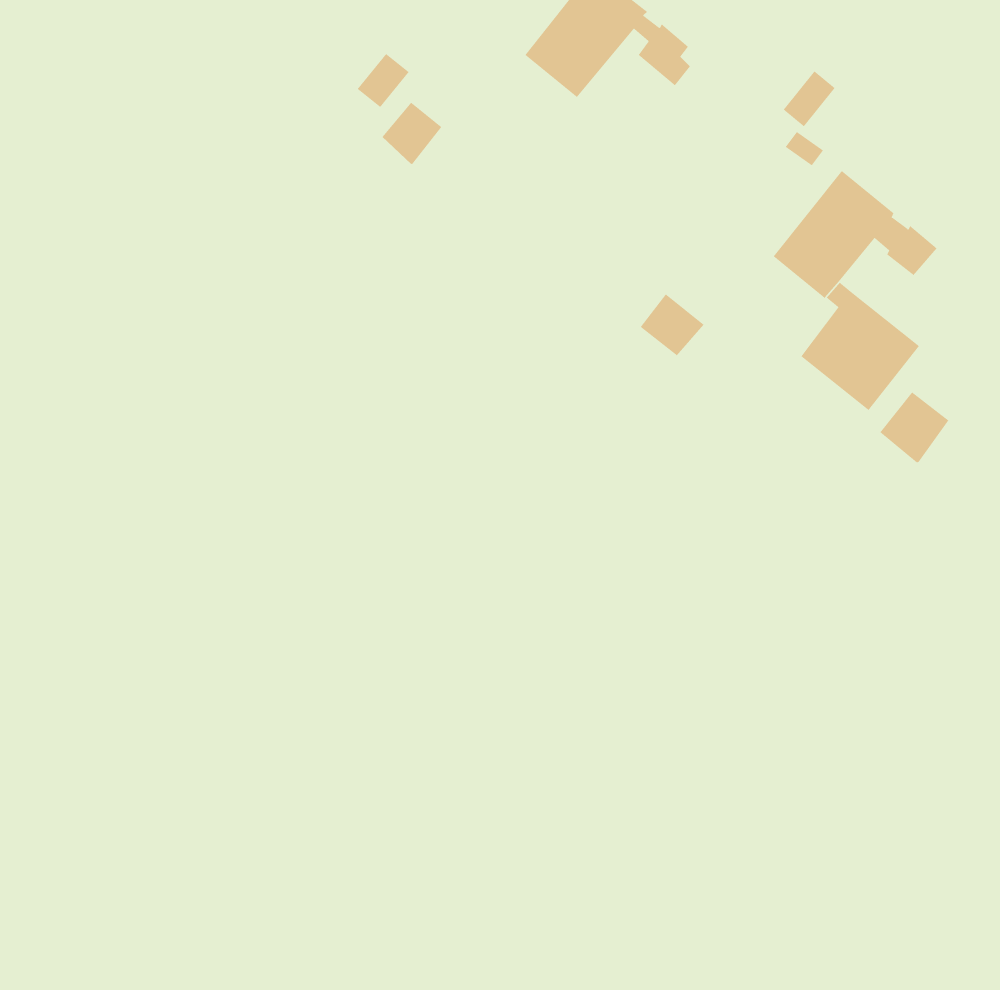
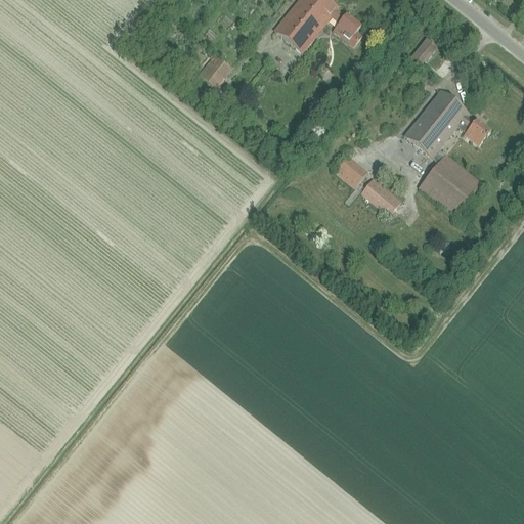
building: [357,53,409,108] -> none
building: none -> [360,176,401,214]
building: [880,392,949,463] -> none

